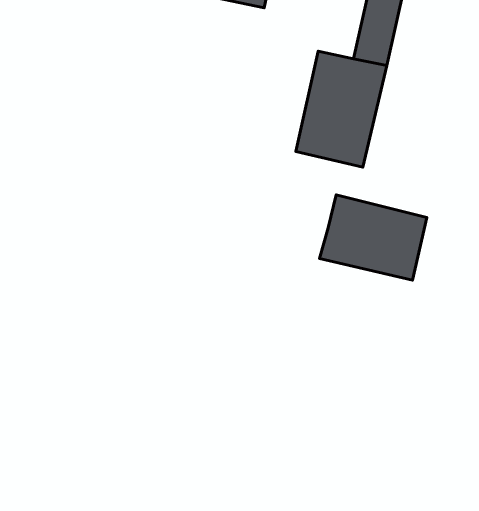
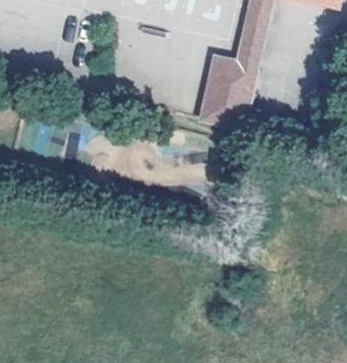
building: [320,195,427,280] -> none

